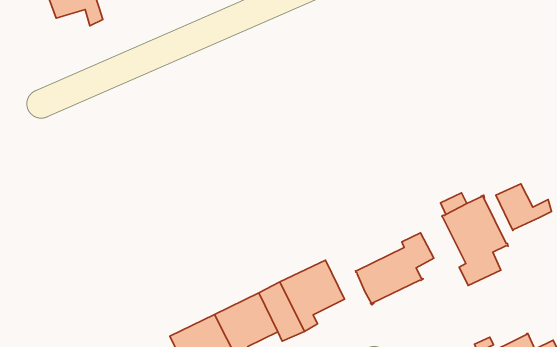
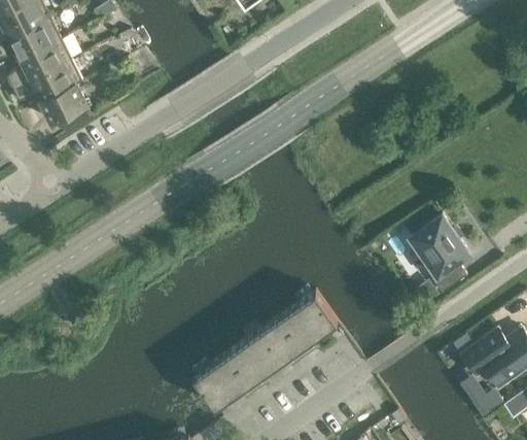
building: [496,184,552,230] -> none
building: [356,233,434,305] -> none

